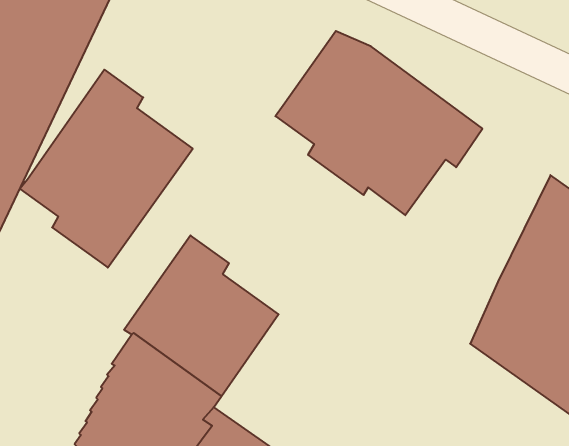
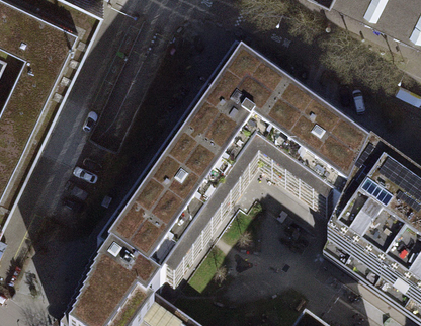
building: [20,70,193,268] -> [141,107,254,237]
building: none -> [281,115,376,216]

